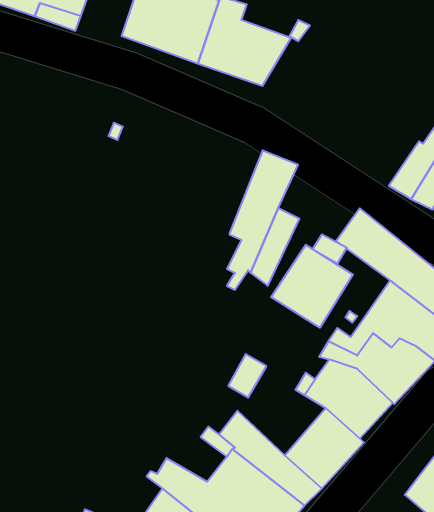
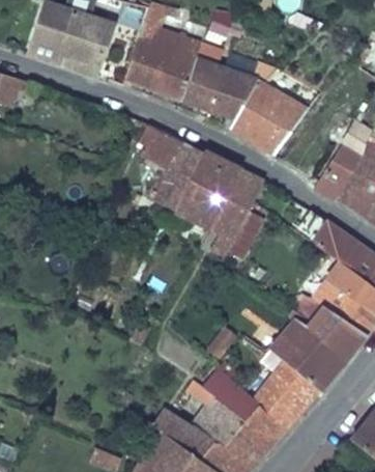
building: none -> [230,77,309,155]
building: none -> [144,124,237,232]
building: none -> [317,141,362,194]
building: [271,245,353,328] -> none

